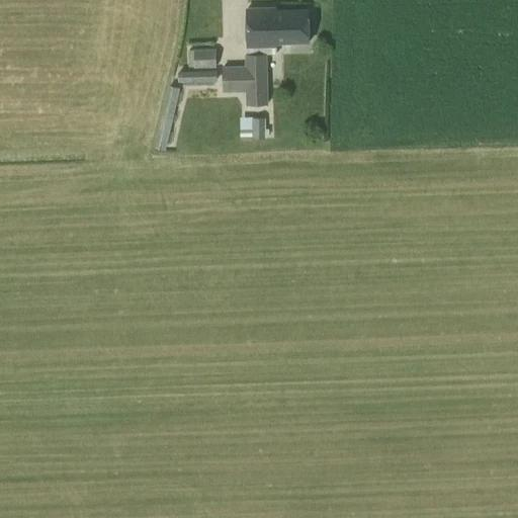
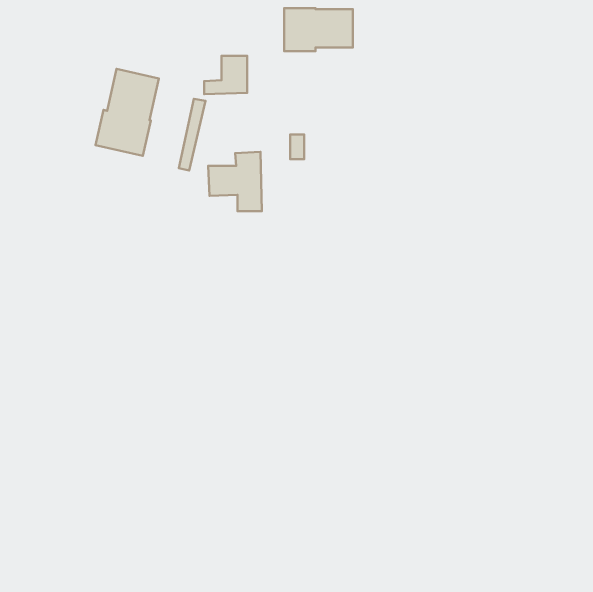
building: [222,55,268,106] -> [208,152,262,211]
building: none -> [96,69,159,156]

